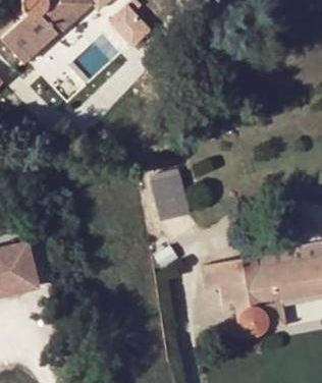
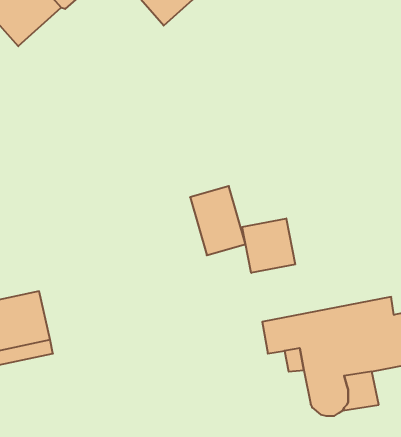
building: none -> [242,218,295,273]

